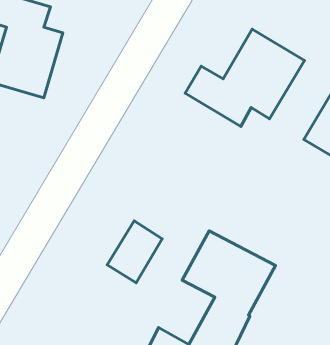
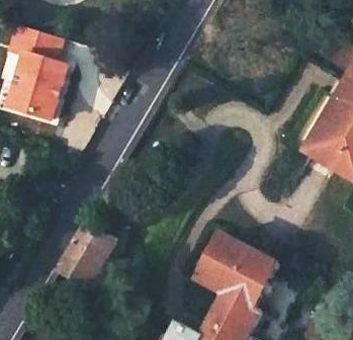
building: [185,29,304,126] -> none
building: [107,221,162,283] -> [62,227,111,282]

